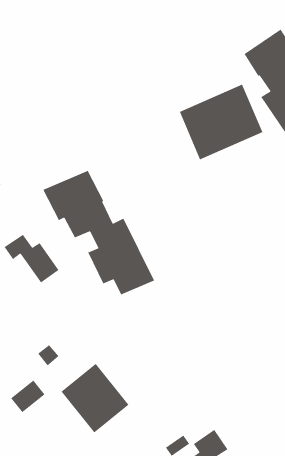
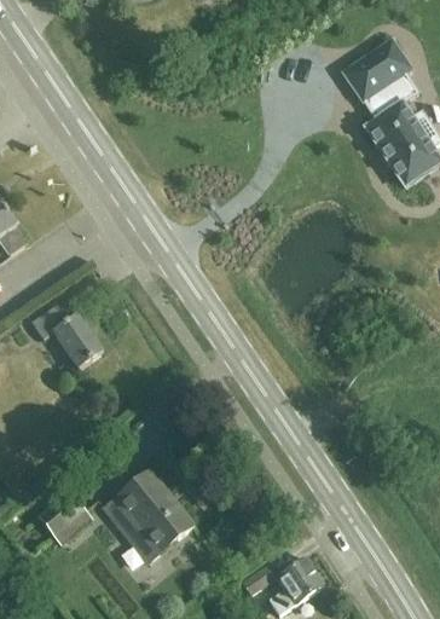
building: [179,83,264,161] -> none
building: [42,170,155,296] -> none

